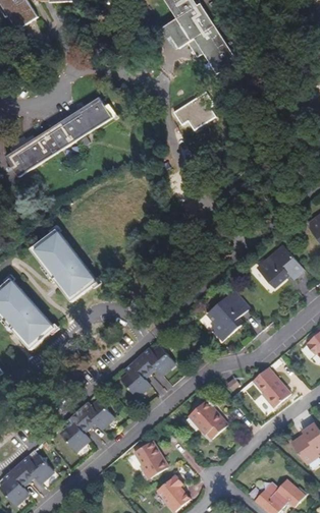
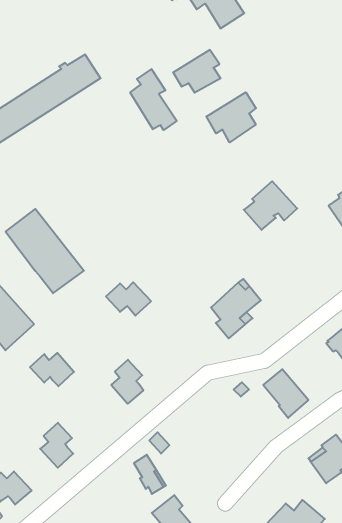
building: none -> [130,69,177,130]
building: none -> [206,92,256,142]
building: [258,245,304,287] -> [244,181,297,230]
building: [136,346,174,375] -> [106,282,151,316]
building: [75,400,113,429] -> [30,353,74,386]
building: [188,401,227,439] -> none

